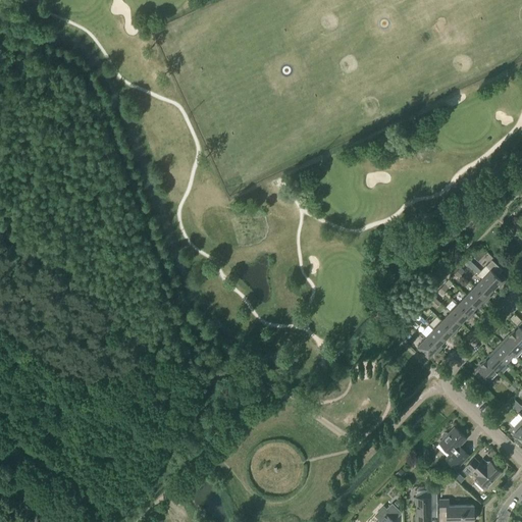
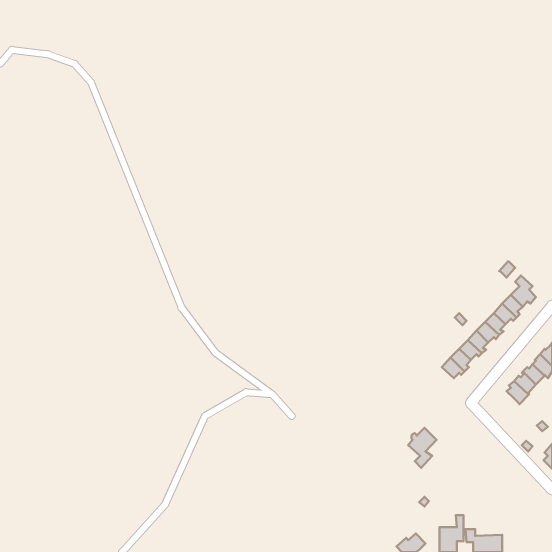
building: [439,427,466,465] -> [408,428,436,468]
building: [462,459,502,490] -> none

